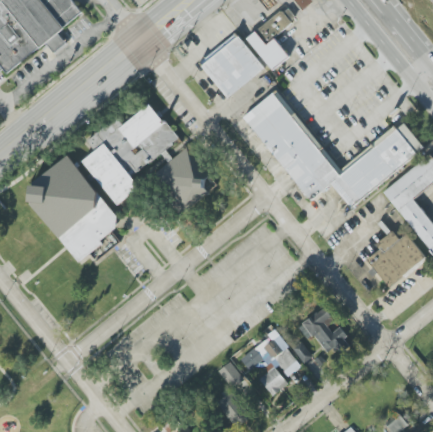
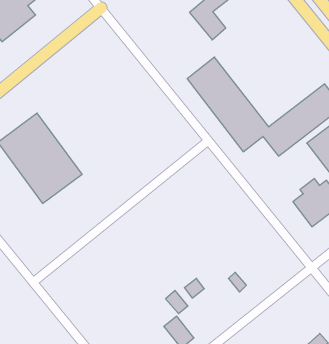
building: [200,34,263,97] -> none
building: [82,102,178,203] -> none
building: [147,149,212,214] -> none
building: [303,306,350,357] -> none
building: [259,337,295,396] -> none

